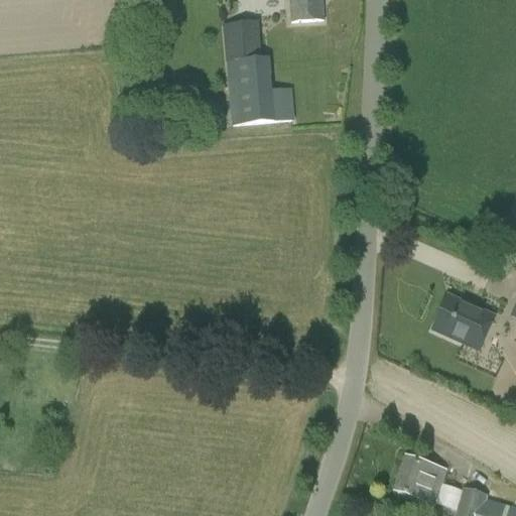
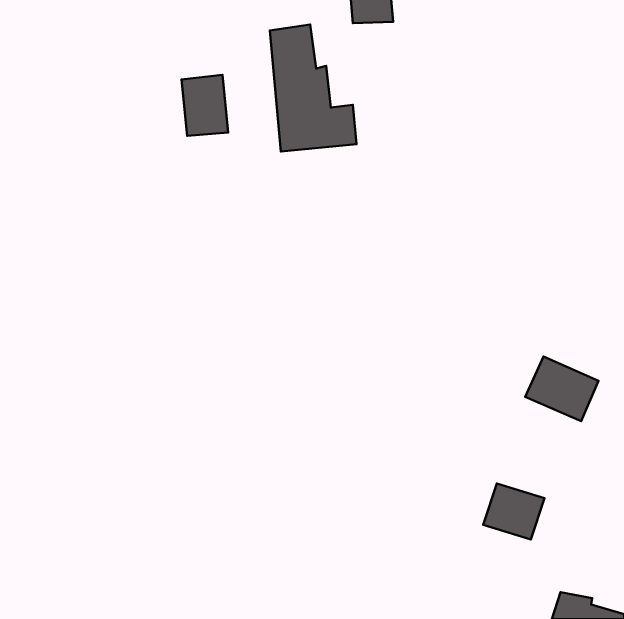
building: none -> [181,75,228,136]
building: [395,457,445,503] -> [483,483,544,540]

